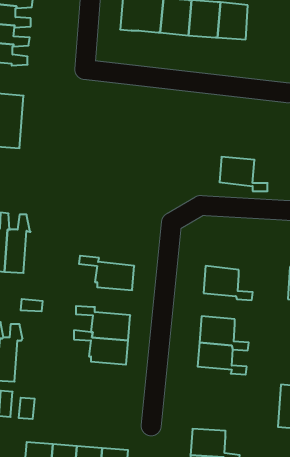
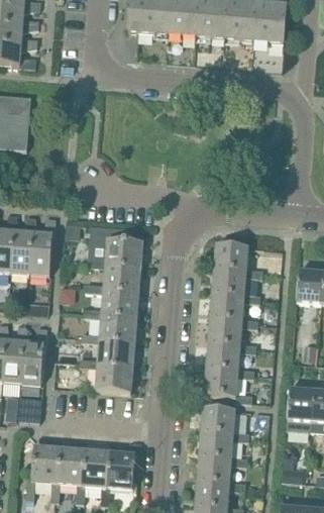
building: none -> [253,6,286,43]
building: [219,157,268,191] -> [213,242,261,277]
building: none -> [30,217,55,277]
building: none -> [87,225,143,268]
building: none -> [85,283,139,317]
building: none -> [209,295,257,327]
building: none -> [21,327,46,386]
building: none -> [79,357,133,393]
building: none -> [203,369,252,402]
building: none -> [200,406,249,440]

